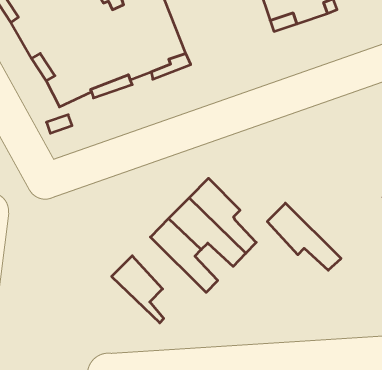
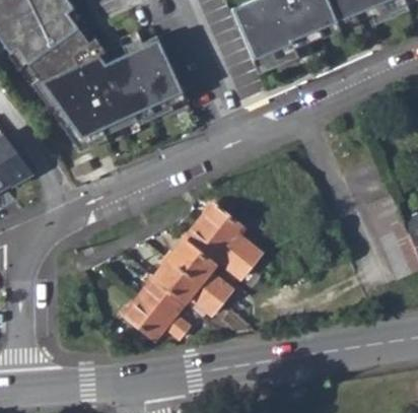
building: [267,203,341,270] -> [153,258,219,313]
building: none -> [123,294,182,338]

